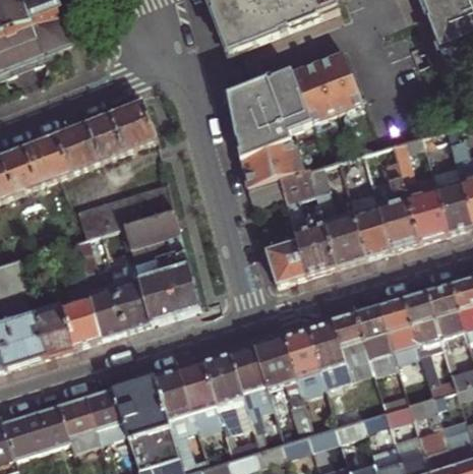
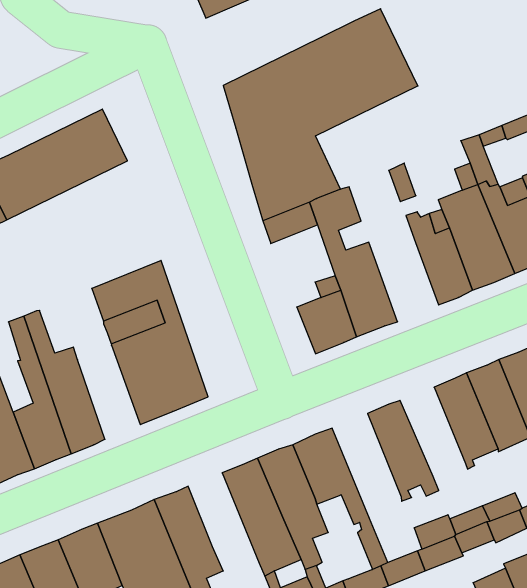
building: [309,167,364,268] -> none
building: [76,183,174,238] -> none
building: [110,266,150,332] -> none
building: [332,315,373,377] -> none
building: [283,330,327,403] -> none
building: [179,362,224,434] -> none

